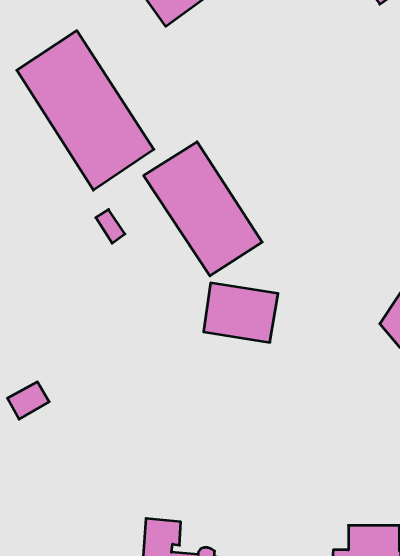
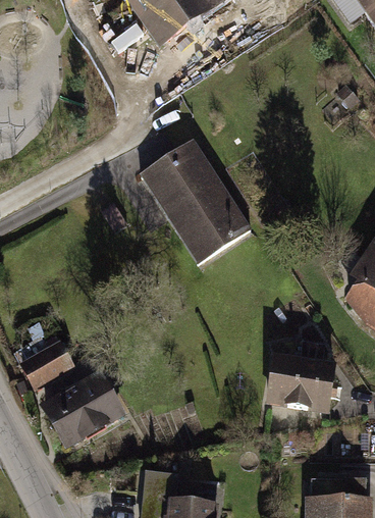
building: [17,31,154,190] -> none
building: [204,283,278,342] -> [269,356,334,408]
building: none -> [47,375,119,442]

